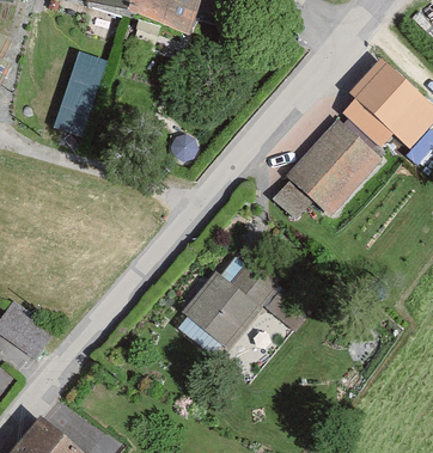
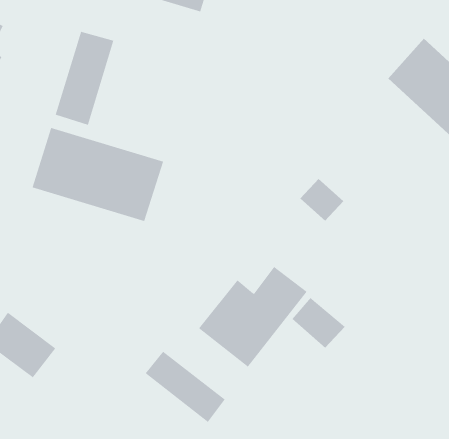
building: [285,118,382,216] -> none
building: none -> [32,127,164,222]
building: none -> [145,351,225,423]

